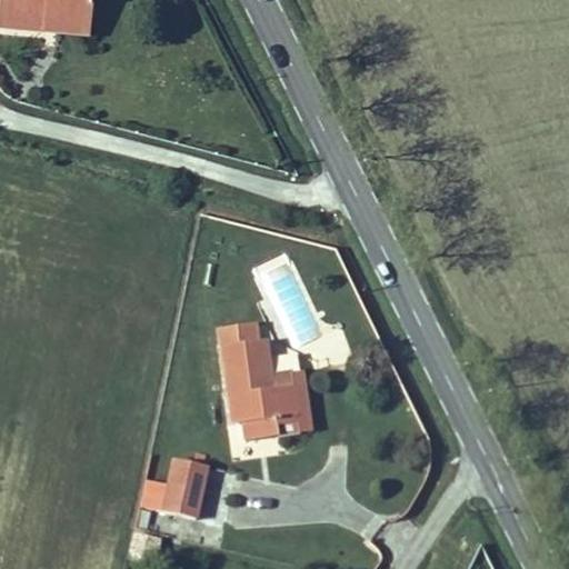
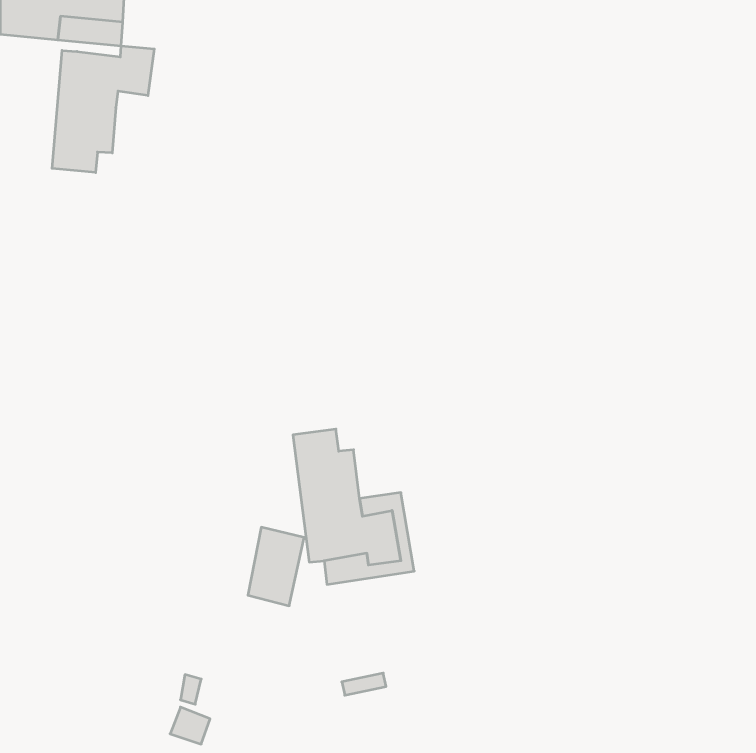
building: none -> [52,46,154,173]
building: [164,458,207,517] -> [248,527,304,606]

